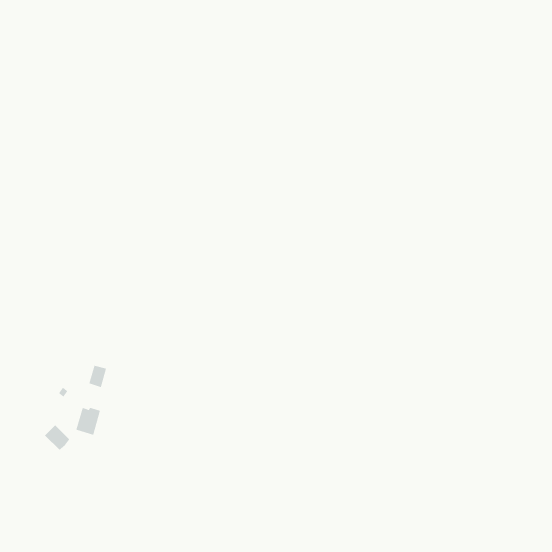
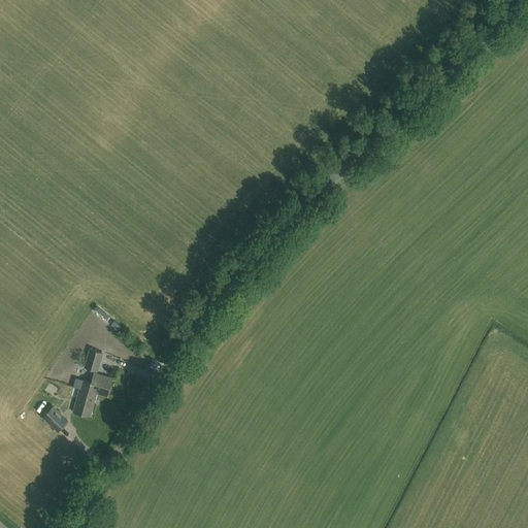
building: none -> [78,372,112,395]

